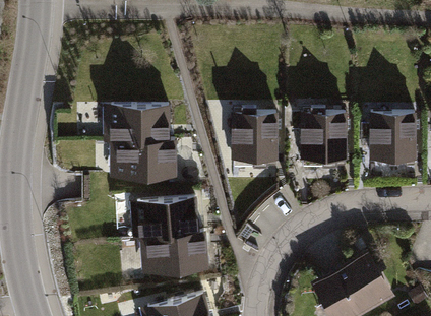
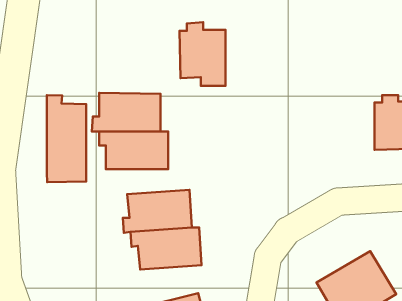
building: [231,107,274,167] -> [179,22,226,86]
building: [301,108,345,168] -> none
building: none -> [47,95,86,182]

